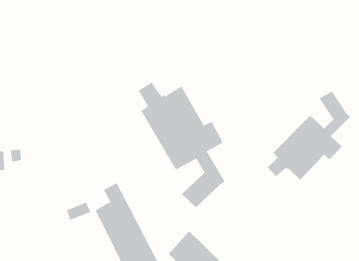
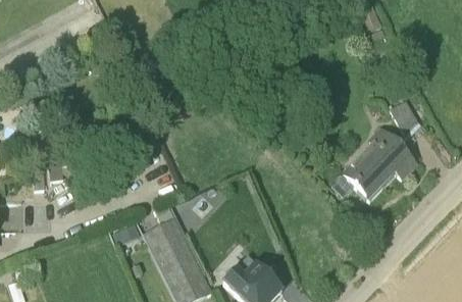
building: [138,82,225,208] -> none

